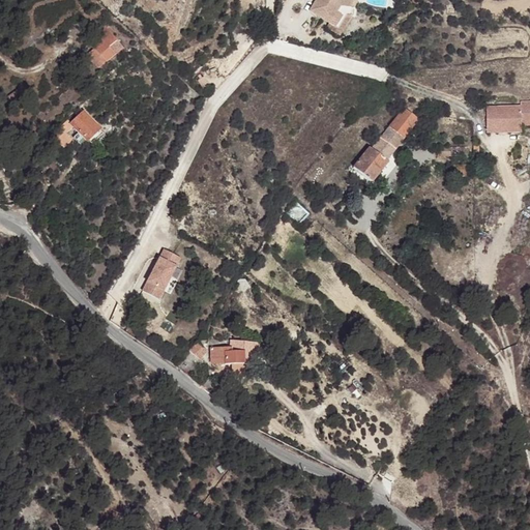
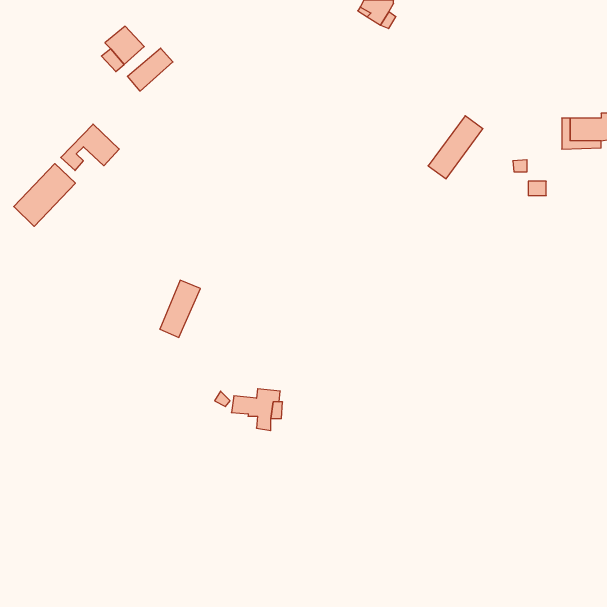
building: none -> [127,48,173,91]
building: [354,144,391,181] -> none
building: none -> [14,164,75,226]

